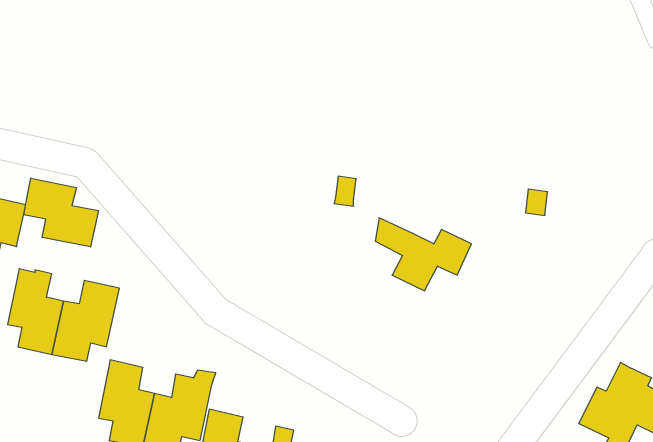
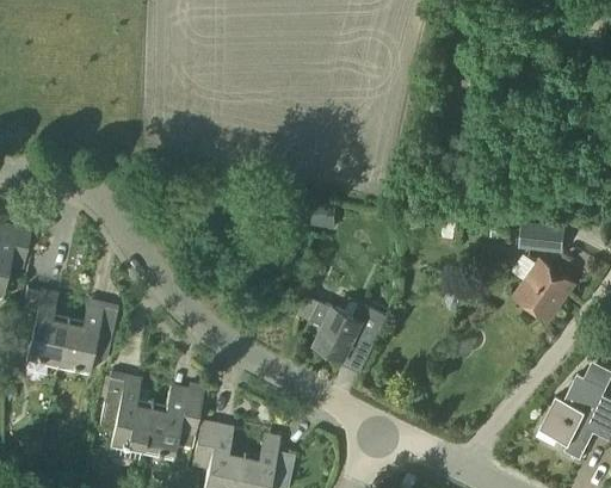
building: [24,178,98,247] -> none
building: none -> [520,220,566,252]
building: [375,218,471,291] -> [300,291,388,358]
building: none -> [514,259,576,321]

